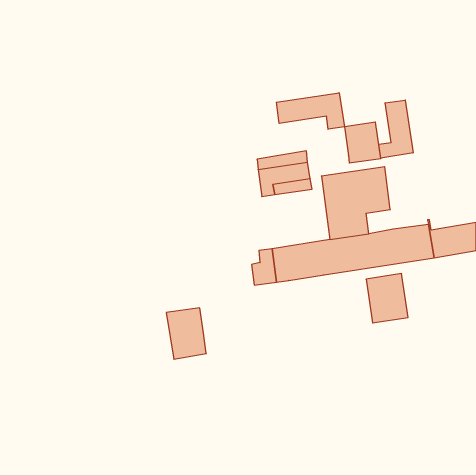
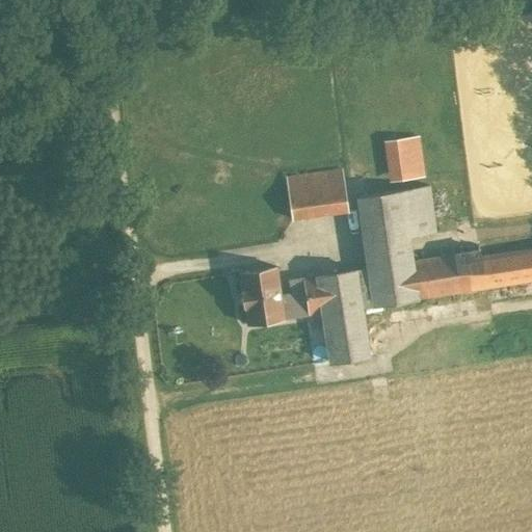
building: [276,93,345,129] -> none
building: [379,100,413,158] -> none
building: [366,274,408,323] -> [322,308,369,363]
building: [166,308,206,359] -> [239,268,284,325]

